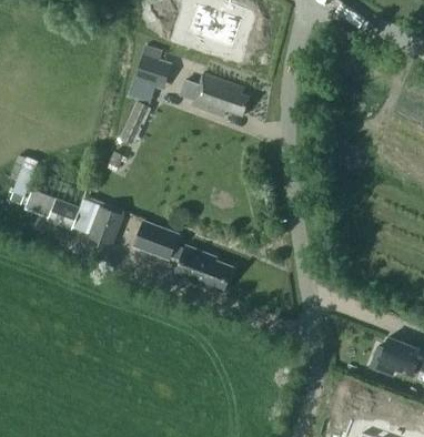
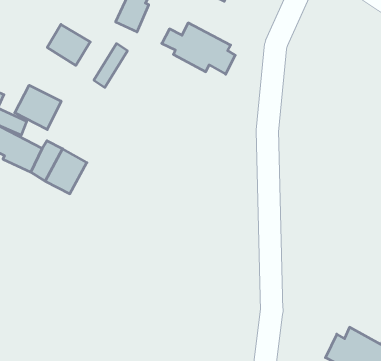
building: none -> [47,24,90,65]
building: none -> [15,85,61,130]
building: [134,221,232,291] -> none

